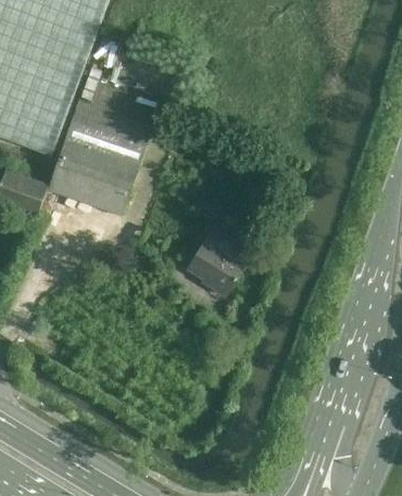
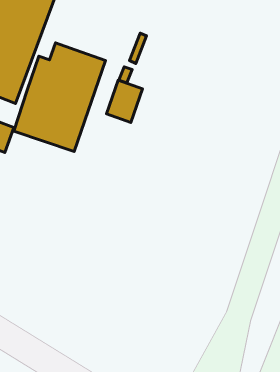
building: none -> [107,80,143,123]
building: [187,229,243,295] -> none

